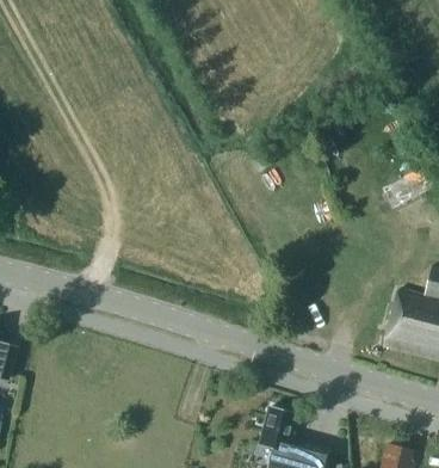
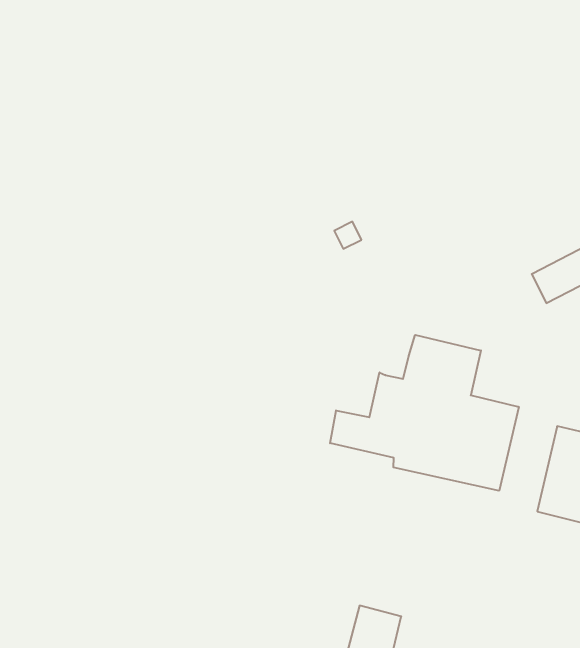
building: none -> [330,335,519,491]

